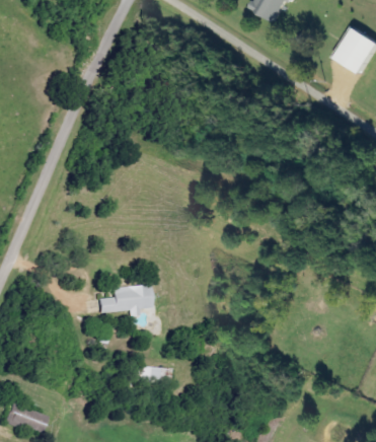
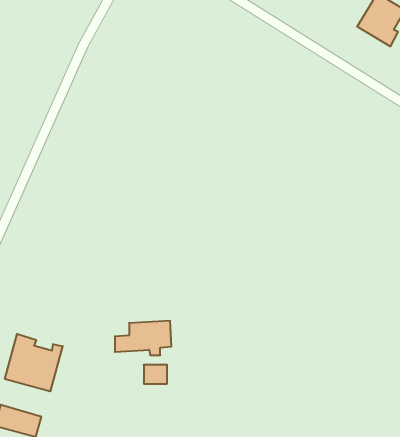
building: [98,285,150,316] -> [115,321,171,355]
building: none -> [5,334,63,391]

